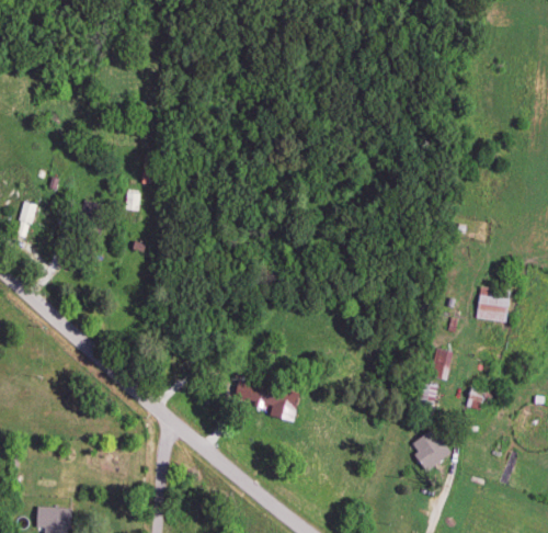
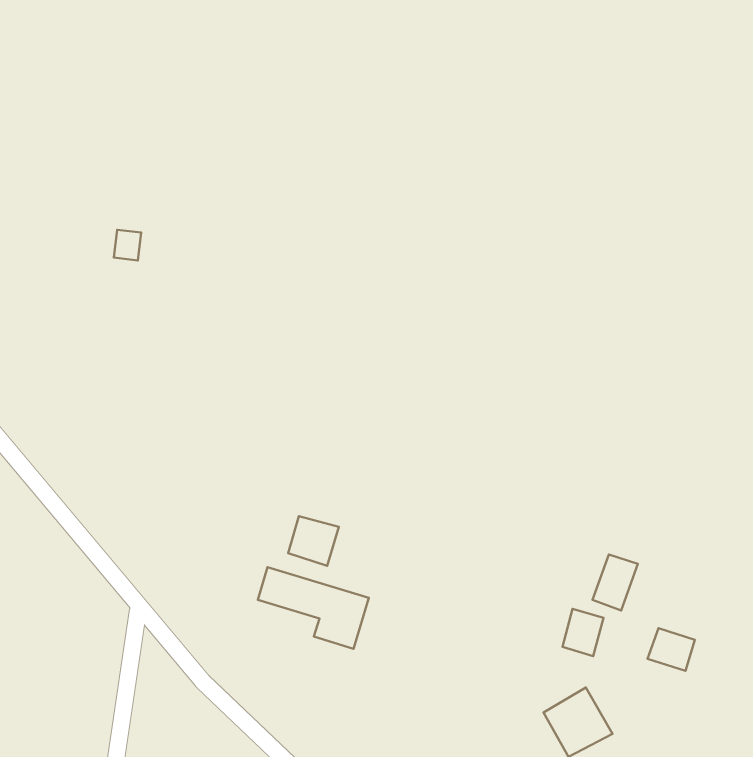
building: [478,290,507,321] -> none
building: none -> [288,516,339,566]

